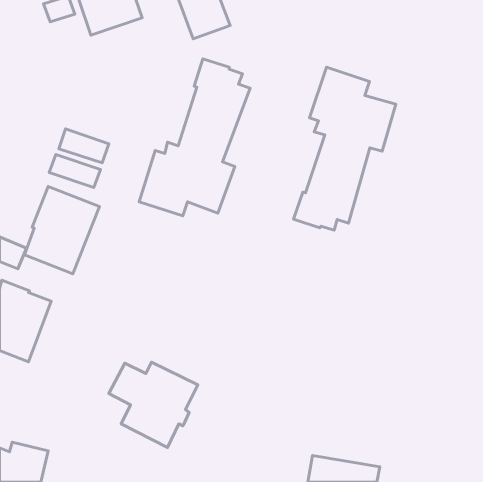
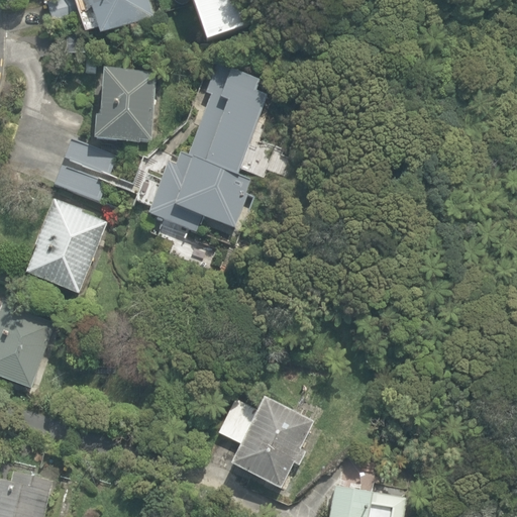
building: none -> [94,68,154,142]
building: [294,67,396,230] -> none
building: [109,362,198,447] -> [217,398,312,489]

